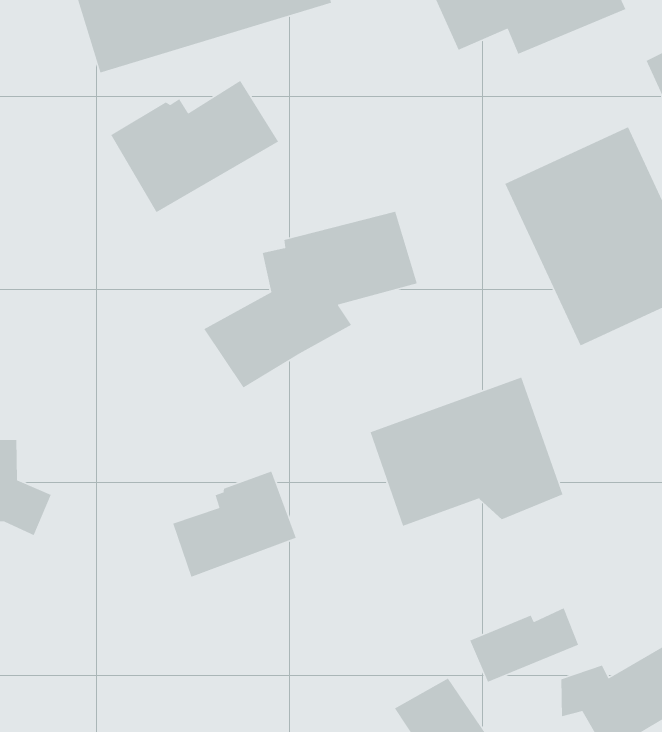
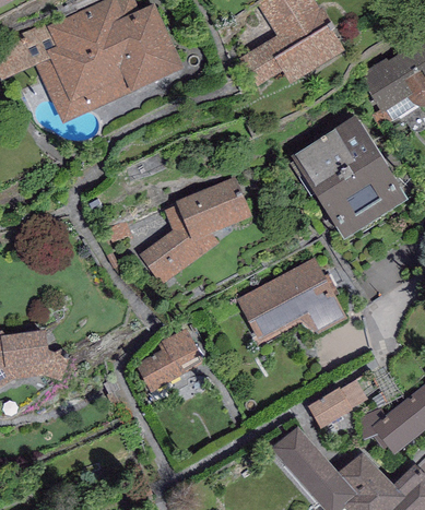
building: [110,80,279,213] -> none

